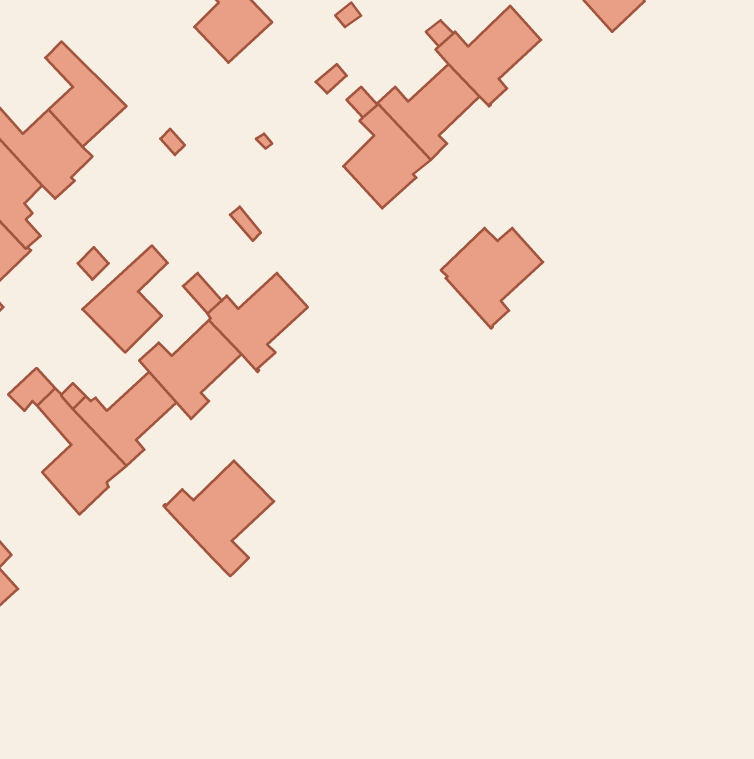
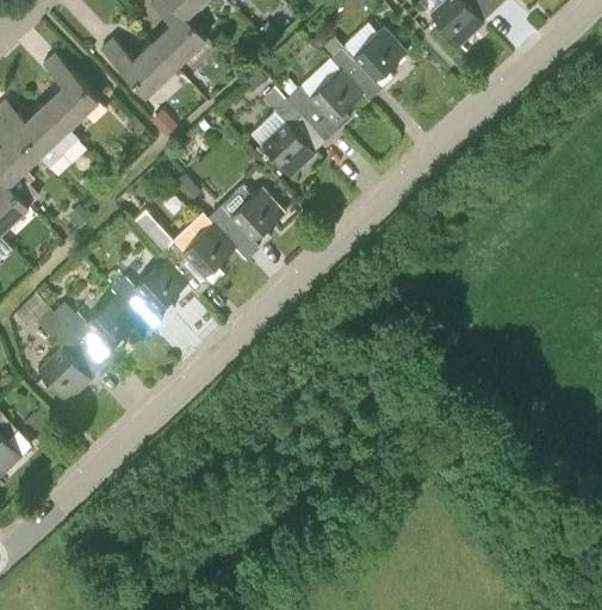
building: none -> [100,39,176,95]
building: [441,228,543,328] -> [209,187,284,261]
building: [82,246,168,352] -> none
building: [164,461,274,576] -> none

